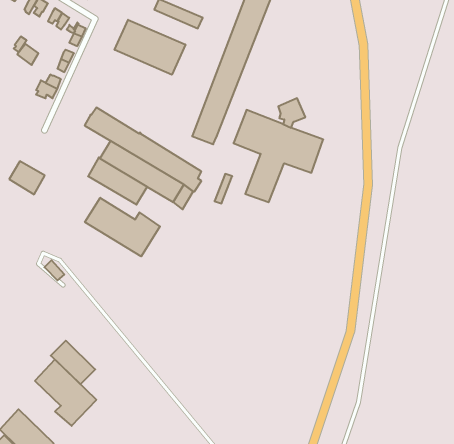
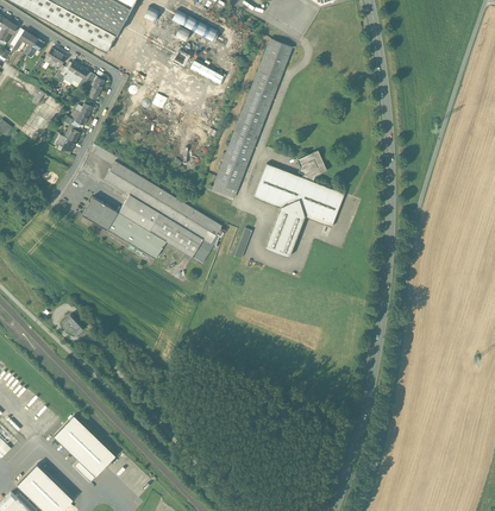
building: [115,20,185,75] -> none
building: [9,161,45,194] -> [82,197,118,231]
building: [85,198,160,256] -> none
building: [51,341,95,384] -> none

